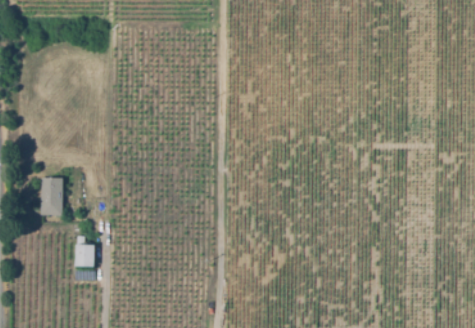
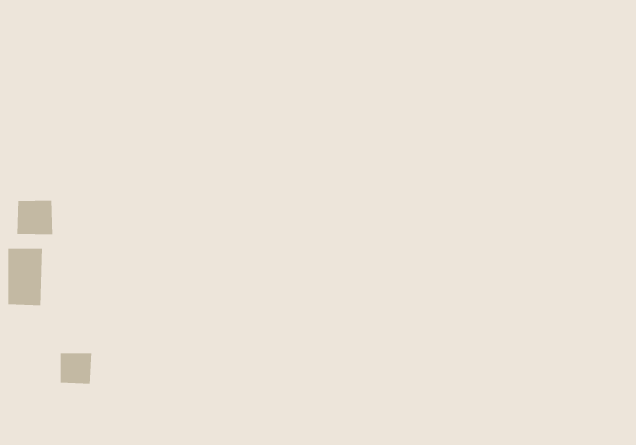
building: none -> [17,200,53,235]

